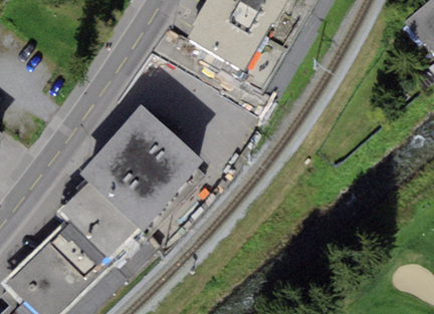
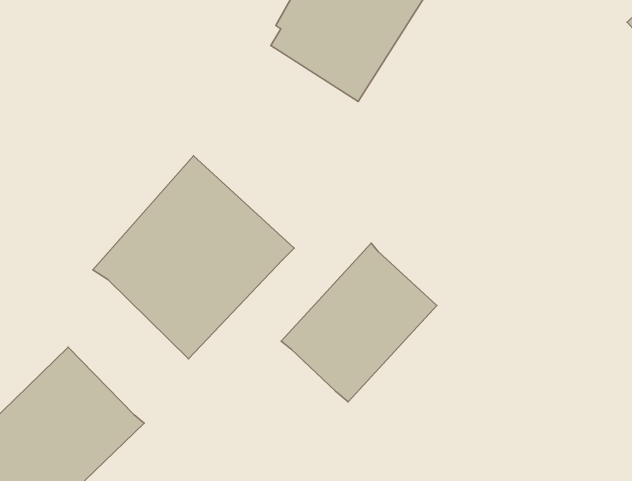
building: none -> [281,243,437,402]
building: [57,180,139,262] -> none

